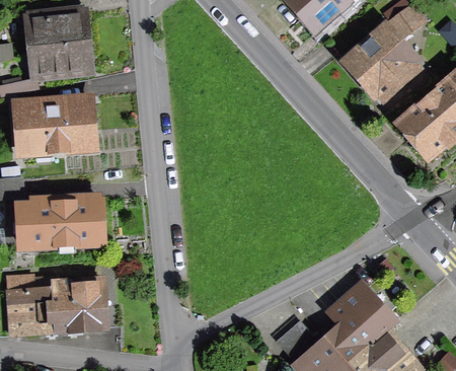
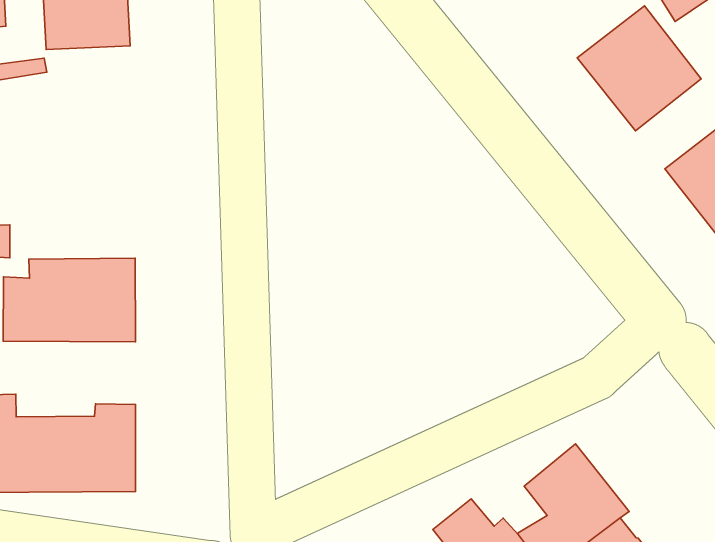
building: [19,94,90,150] -> none

